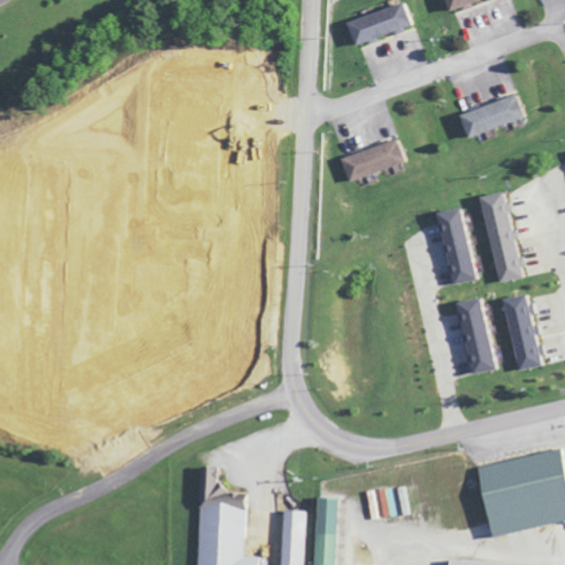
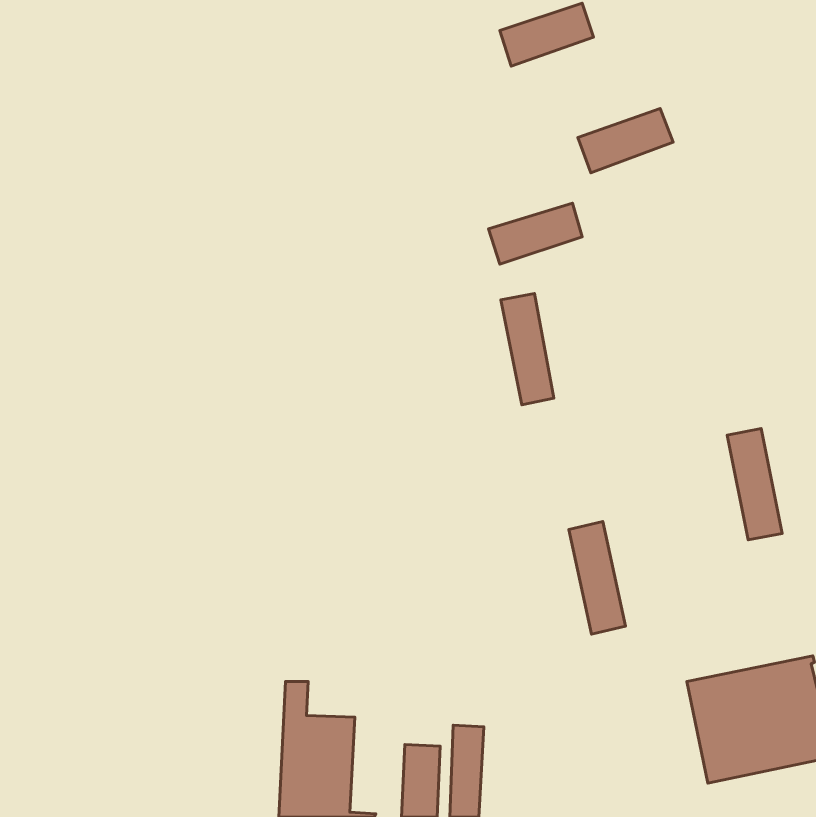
building: [457,94,522,138] -> [578,108,673,173]
building: [481,191,523,282] -> none
building: [438,207,475,284] -> [501,294,554,405]
building: [456,297,494,374] -> [569,521,625,634]

